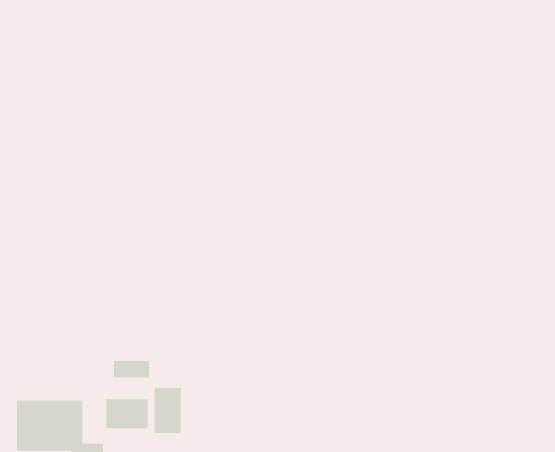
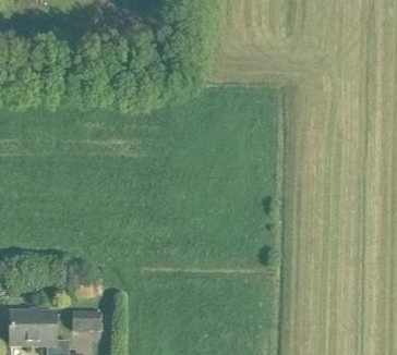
building: [154,387,181,434] -> none

